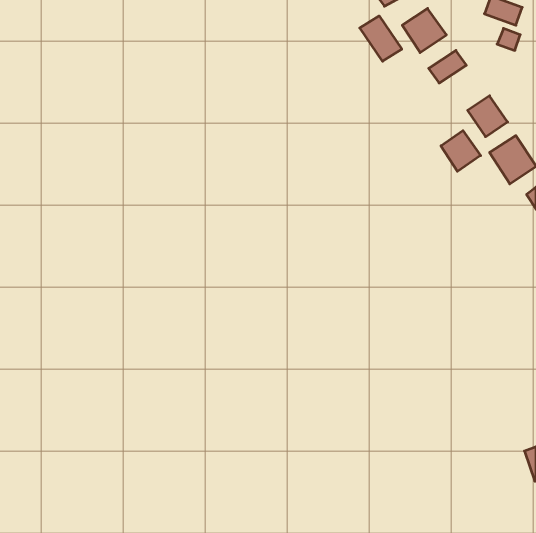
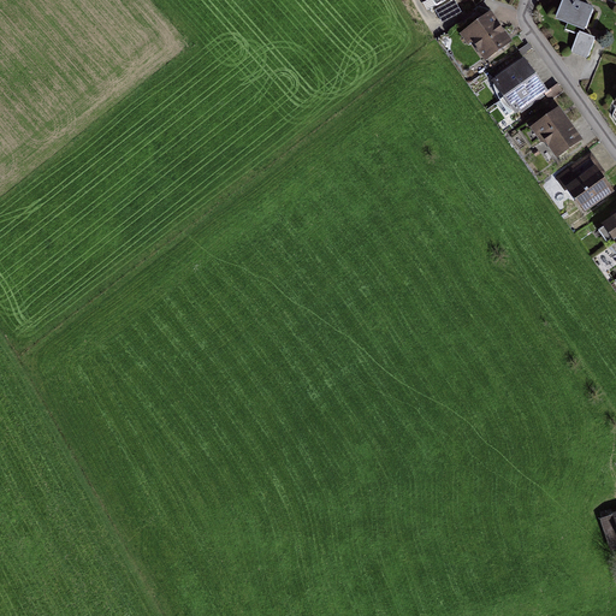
building: [360,16,402,61] -> none
building: none -> [502,75,545,113]
building: [441,131,481,171] -> none

